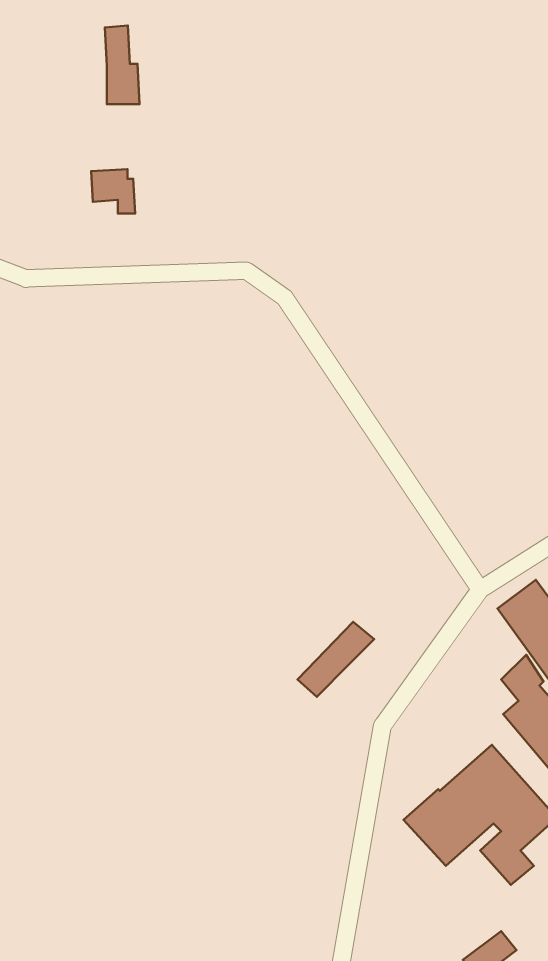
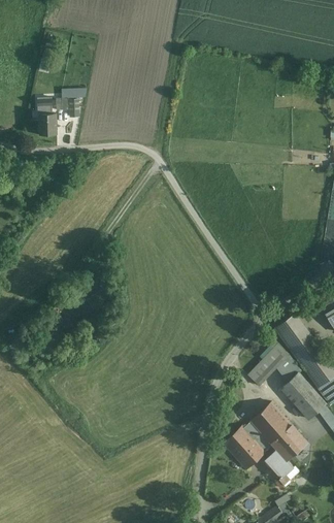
building: [105,26,139,104] -> [38,93,57,135]
building: [298,622,374,697] -> [248,345,290,385]

